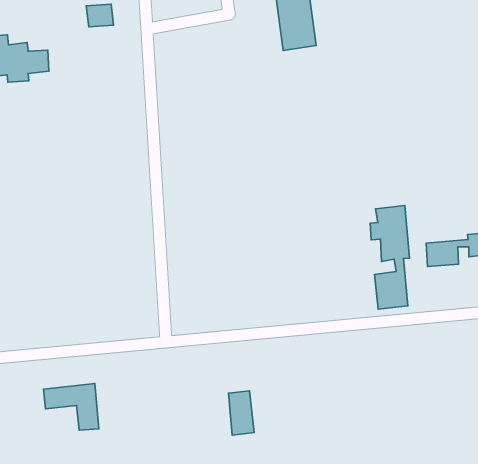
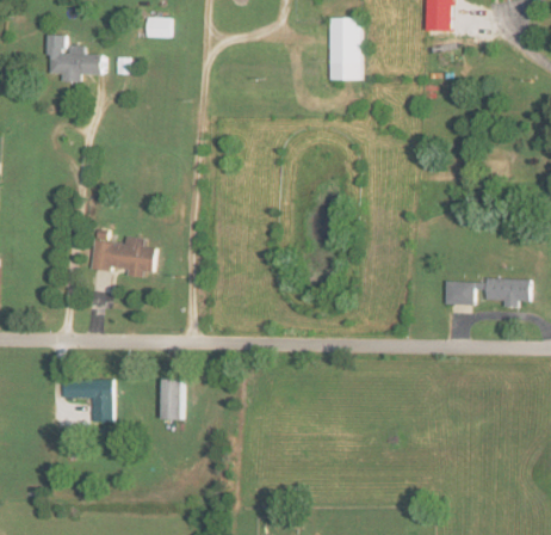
building: [370,205,410,309] -> none
building: none -> [89,230,155,278]
building: [228,391,254,435] -> [160,380,181,420]

